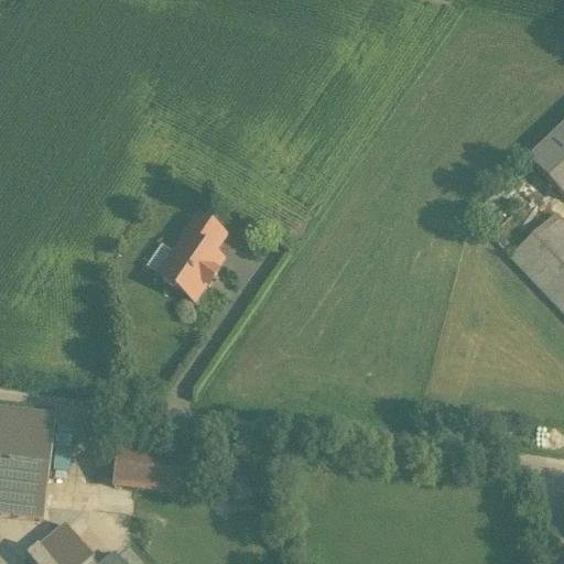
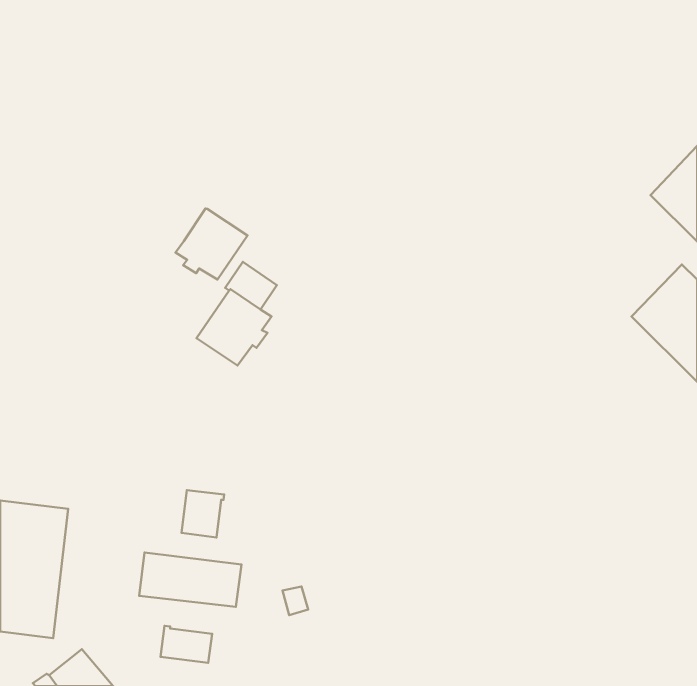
building: none -> [176,208,247,279]
building: none -> [181,490,224,537]
building: none -> [161,626,212,663]

